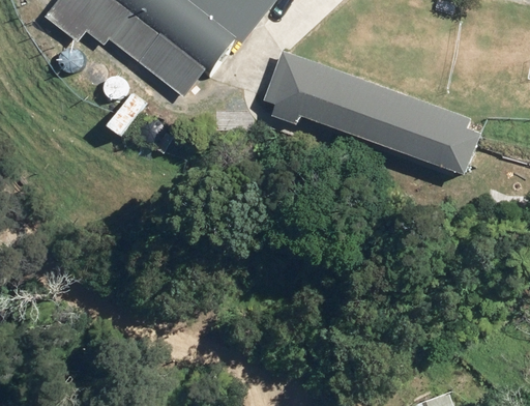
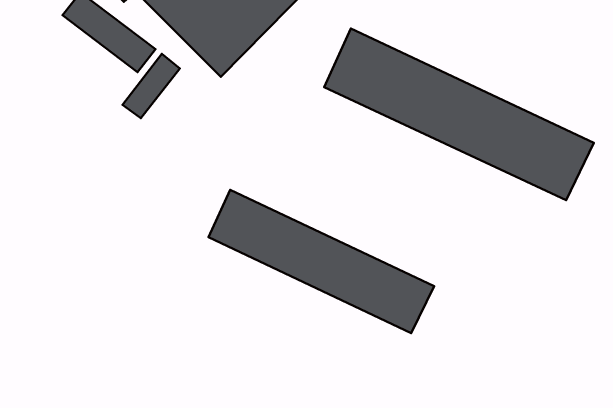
building: none -> [209,190,434,333]

